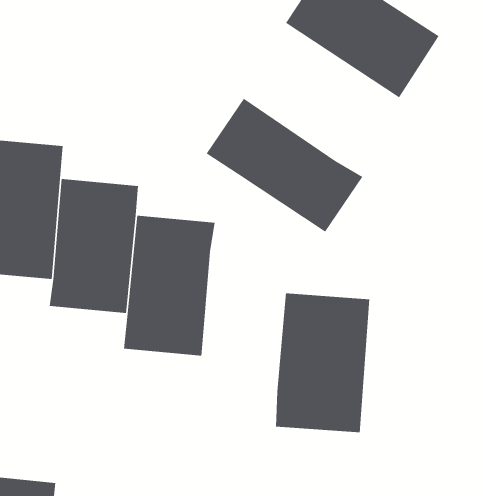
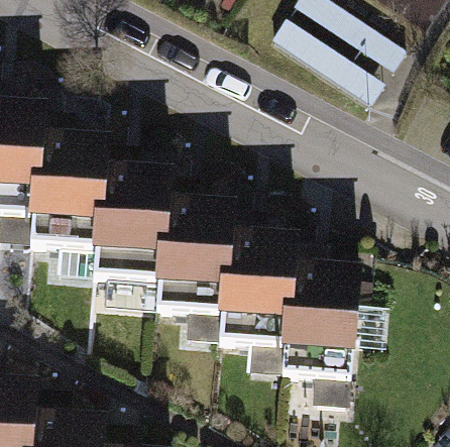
building: [206,98,363,233] -> none
building: none -> [207,229,280,345]

